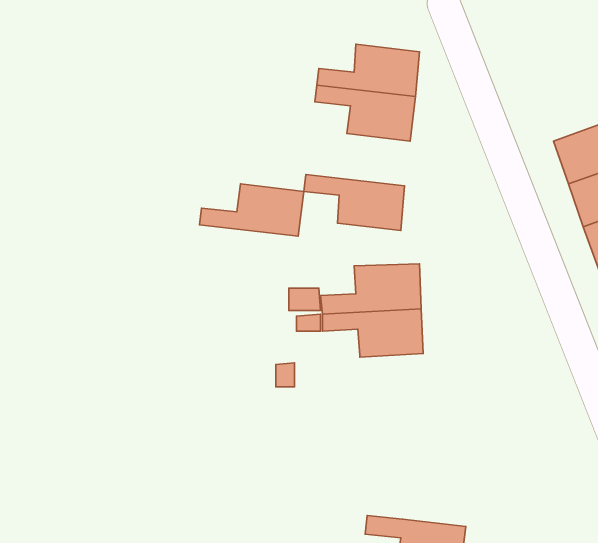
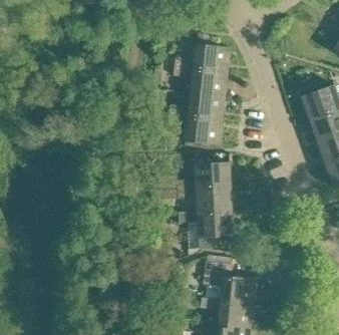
building: [199,184,304,236] -> [168,92,225,120]
building: none -> [179,211,233,247]
building: none -> [203,261,258,304]

